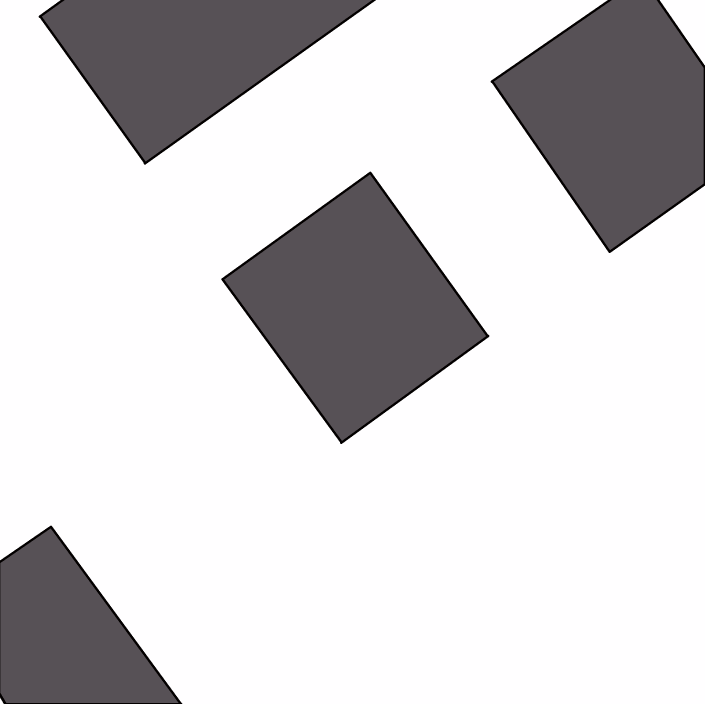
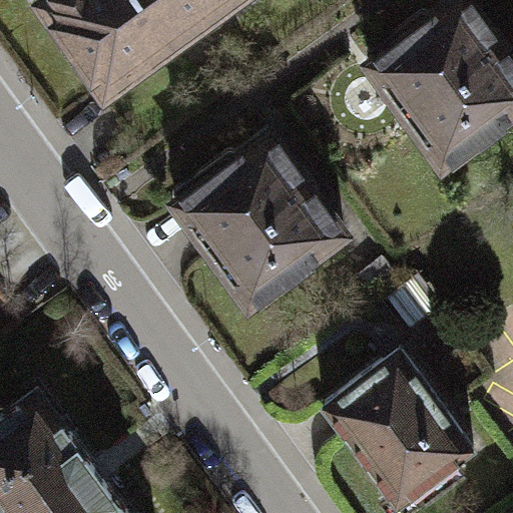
building: none -> [322,342,473,499]

